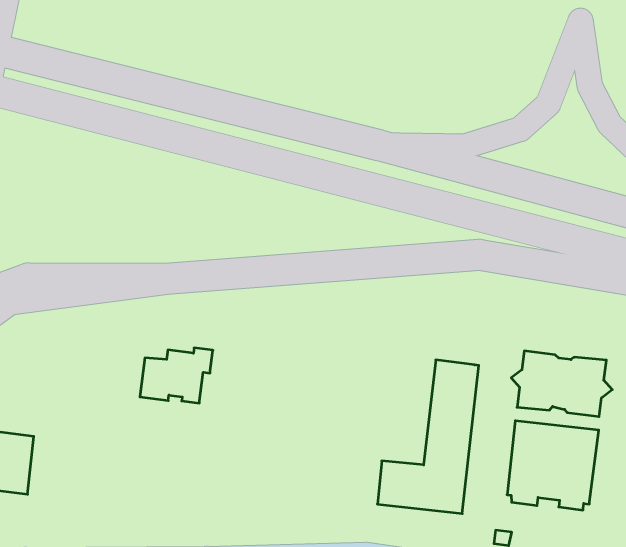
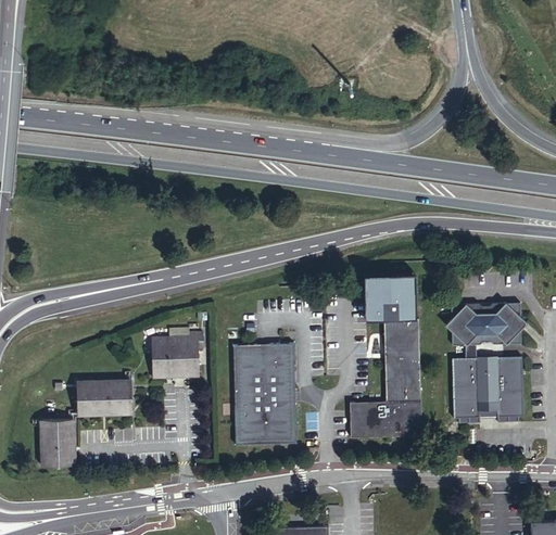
building: none -> [365,275,415,319]
building: none -> [232,344,294,443]
building: none -> [76,381,130,413]

